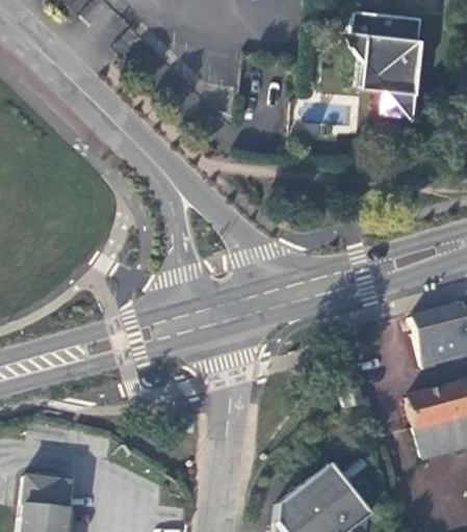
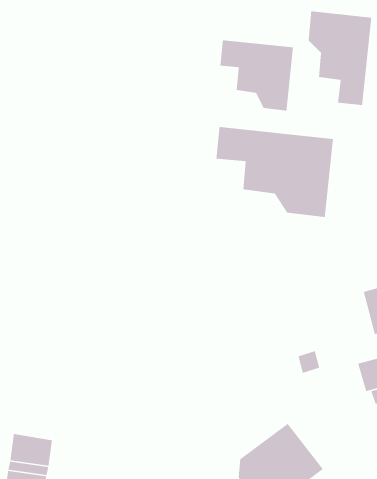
building: none -> [220,39,294,111]
building: none -> [215,126,334,218]

